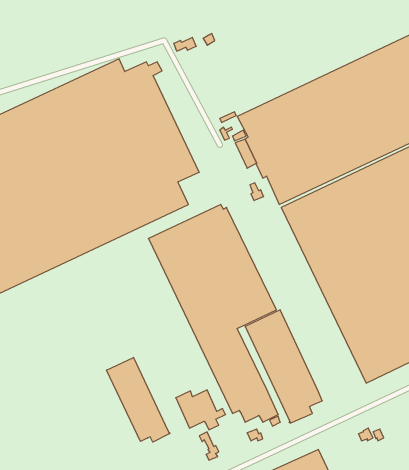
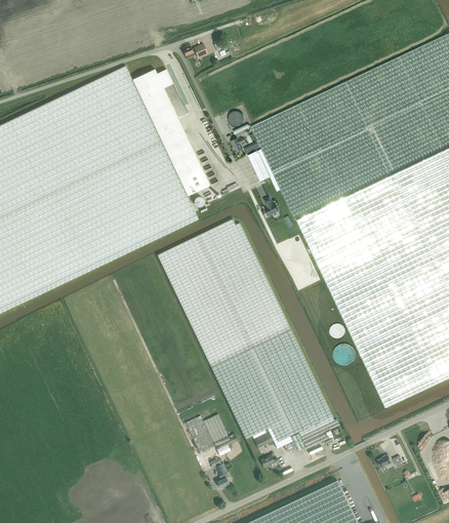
building: [107,357,170,442] -> none

